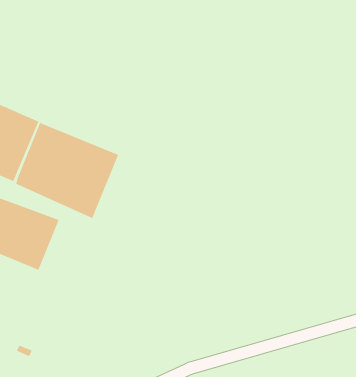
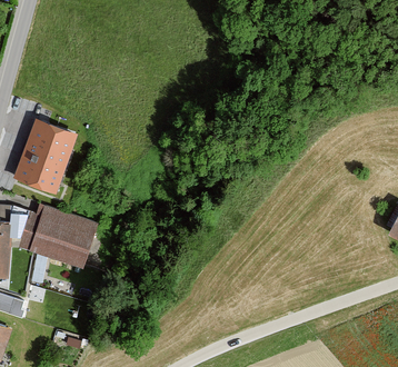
building: [16,122,119,219] -> none

